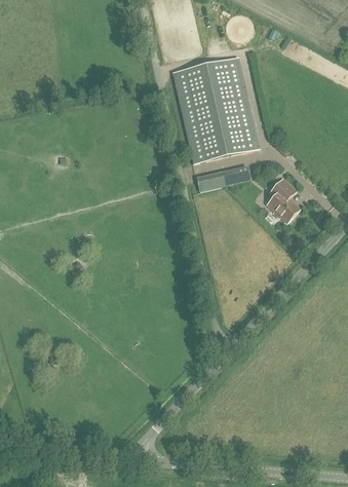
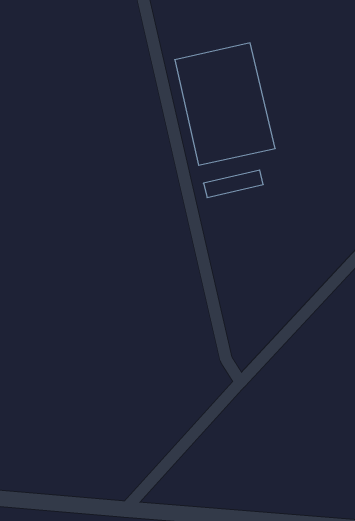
building: [267,178,298,221] -> none

